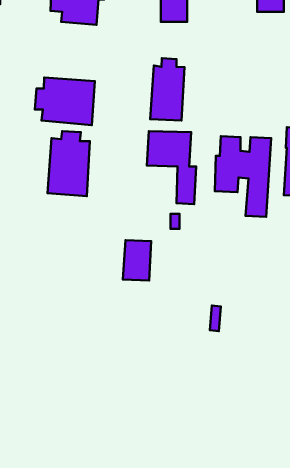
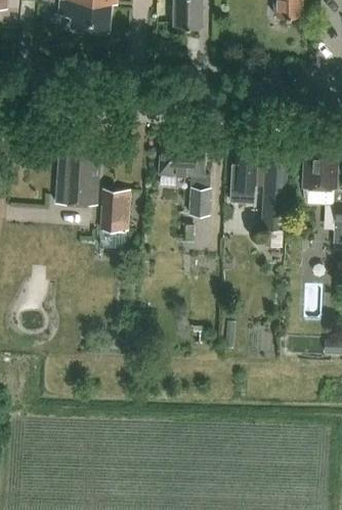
building: [150,58,184,121] -> none
building: [35,78,95,125] -> none
building: [123,240,151,281] -> [100,190,130,232]

